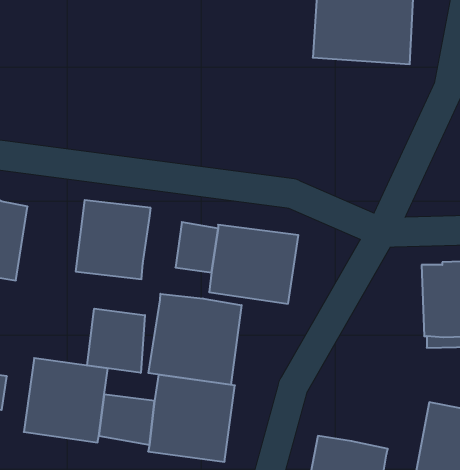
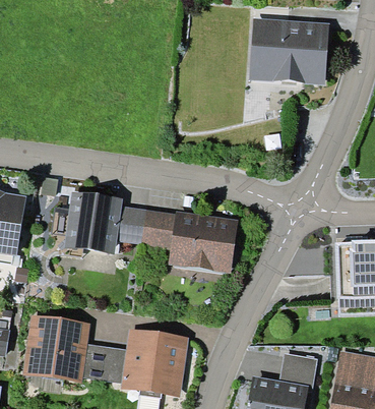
building: none -> [117,206,147,244]
building: [148,294,242,385] -> none
building: [87,309,145,373] -> none
building: none -> [280,354,318,392]

